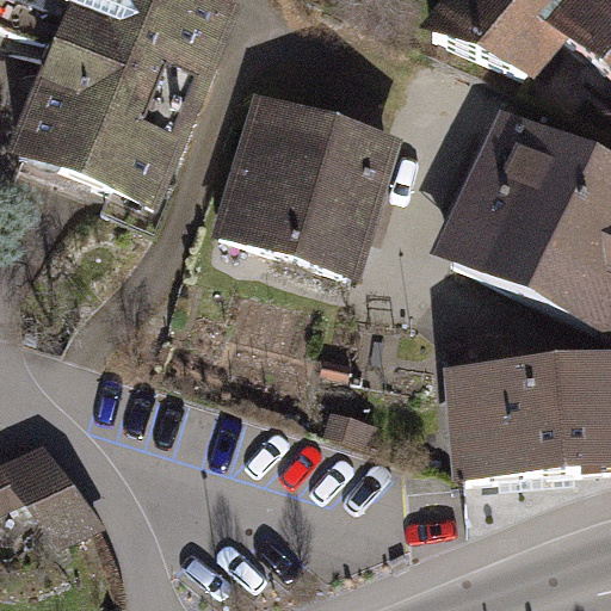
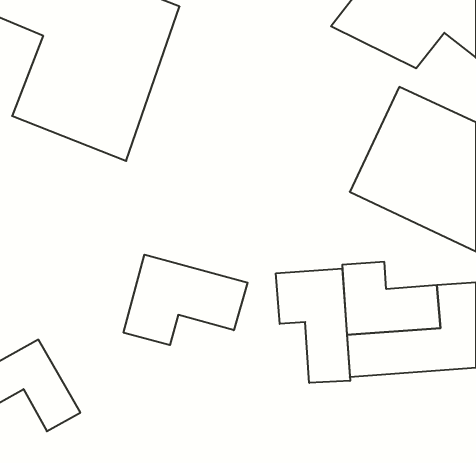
building: [216,97,401,285] -> none
building: none -> [124,255,248,345]
building: none -> [276,268,350,383]

